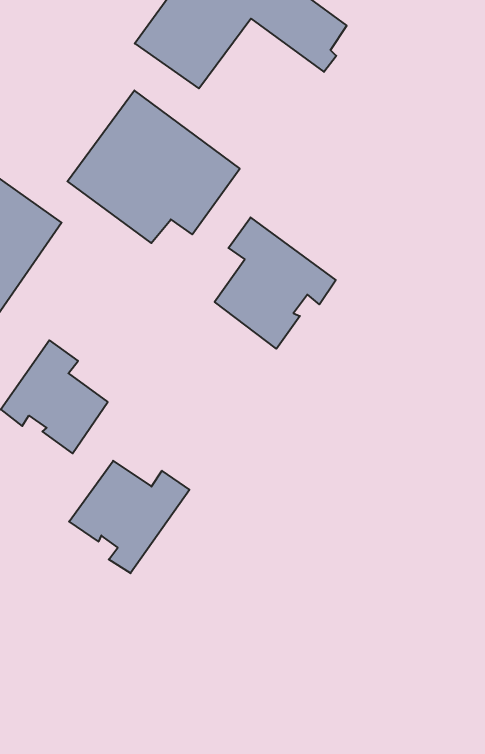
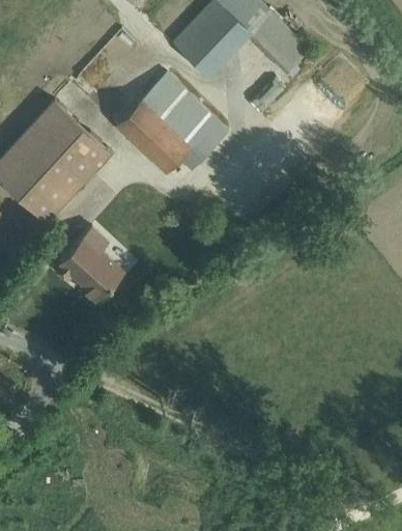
building: [215,217,336,349] -> none
building: [69,461,189,573] -> none

